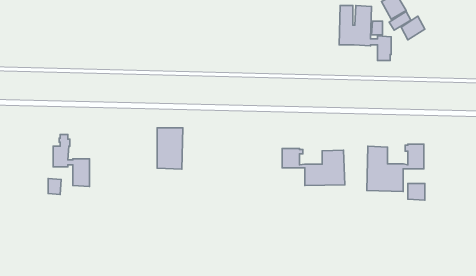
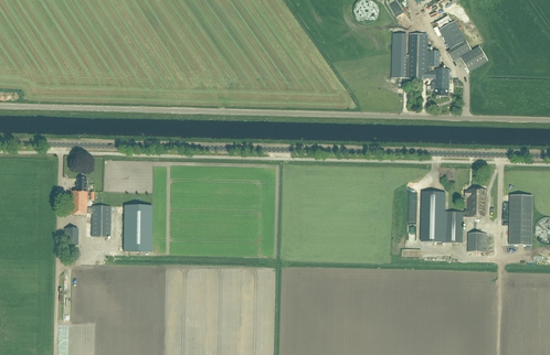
building: [157,128,183,169] -> [124,205,152,251]
building: [282,149,345,186] -> none
building: none -> [509,195,532,245]

